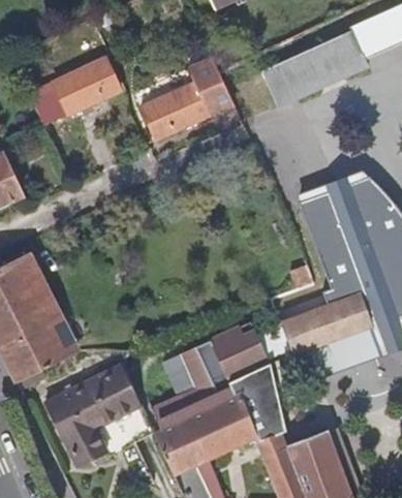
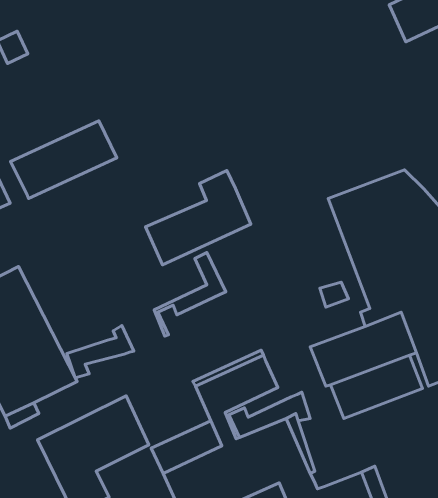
building: [261,30,368,106] -> none
building: [142,56,233,137] -> [146,171,251,265]
building: [29,58,121,125] -> [10,121,117,198]
building: none -> [67,325,134,378]
building: [208,329,270,401] -> [154,253,226,336]

